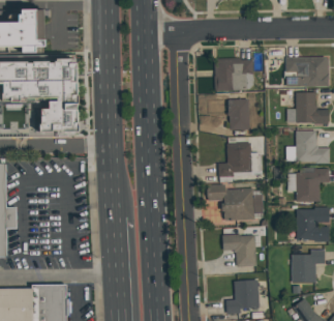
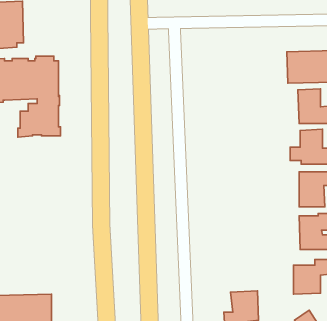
building: [214,61,253,90] -> none
building: [214,98,248,129] -> none
building: [218,142,251,176] -> none
building: [206,184,253,220] -> none
building: [221,234,255,266] -> none

